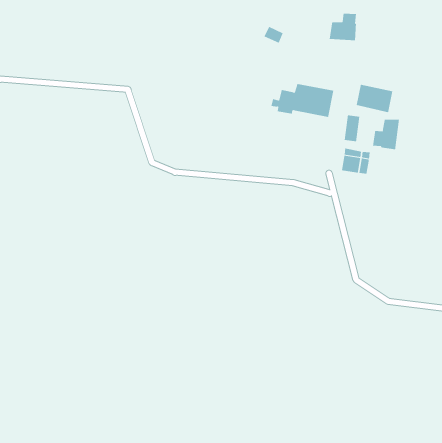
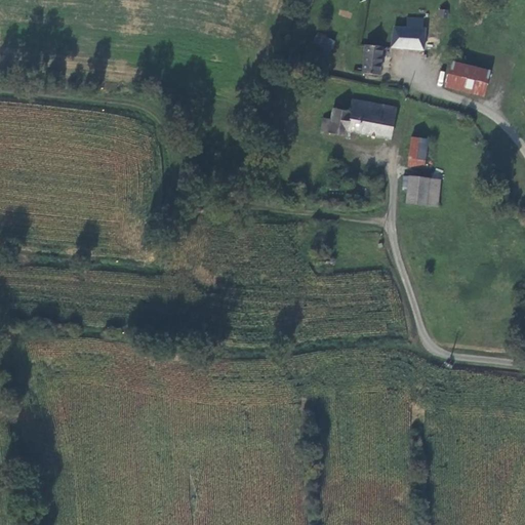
building: none -> [363,45,381,74]
building: [356,84,393,113] -> [445,62,489,95]
building: [373,119,400,150] -> none

